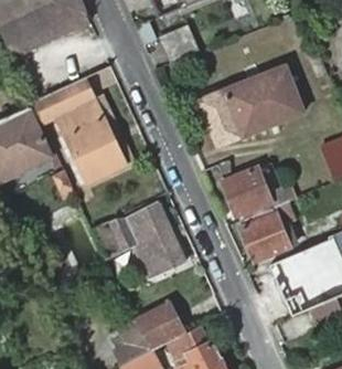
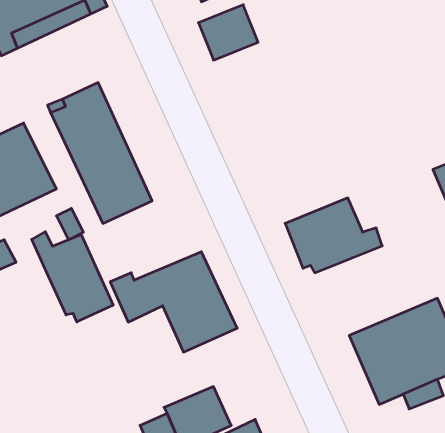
building: [199,65,303,147] -> none
building: none -> [32,232,113,322]
building: [241,208,293,262] -> none

